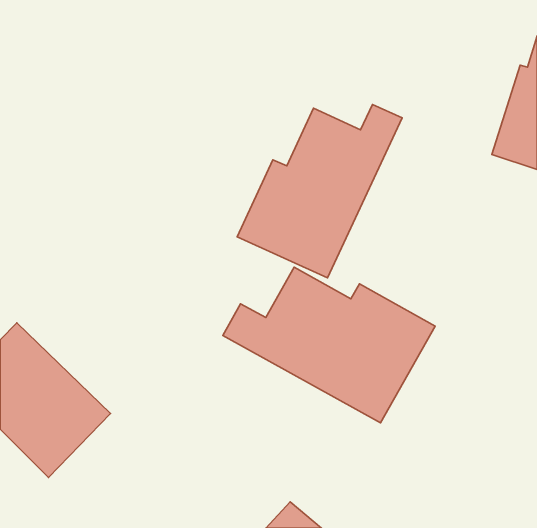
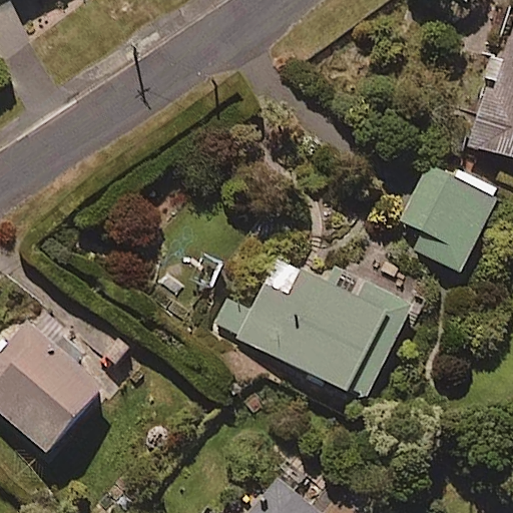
building: [237,104,402,278] -> none
building: none -> [402,165,498,273]

